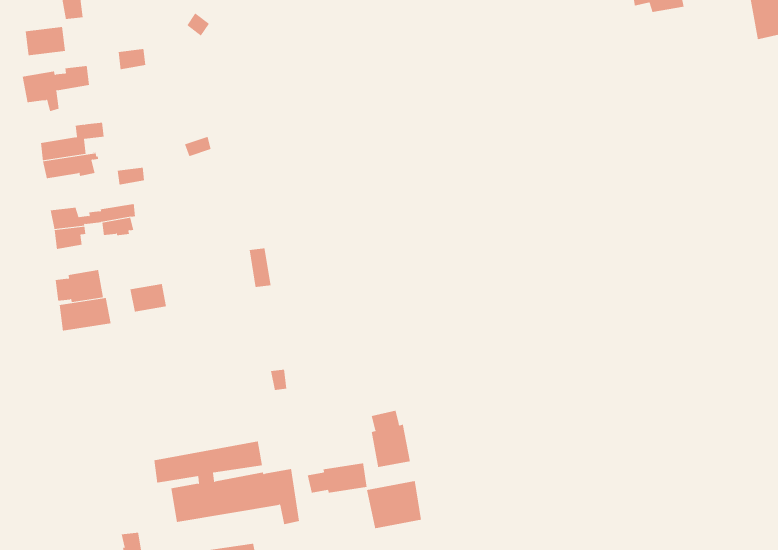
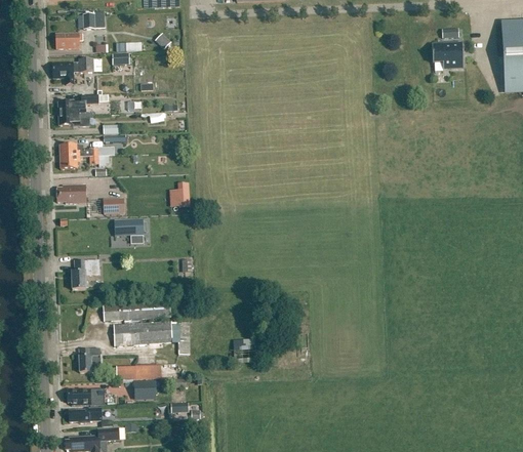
building: [59,297,111,331] -> [110,217,140,235]
building: none -> [72,260,99,289]
building: [371,410,411,468] -> none
building: [307,462,367,494] -> none

